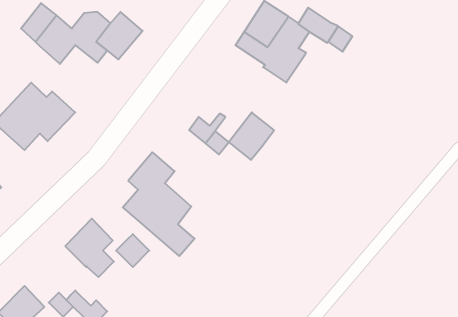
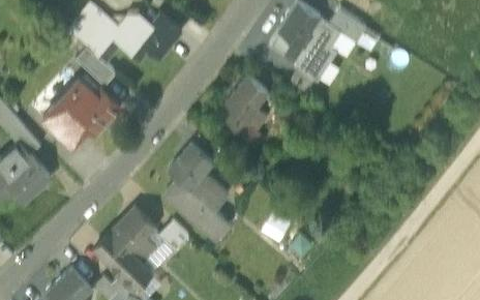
building: none -> [76,46,117,86]
building: [229,112,274,160] -> [226,76,268,120]
building: none -> [94,233,151,289]

